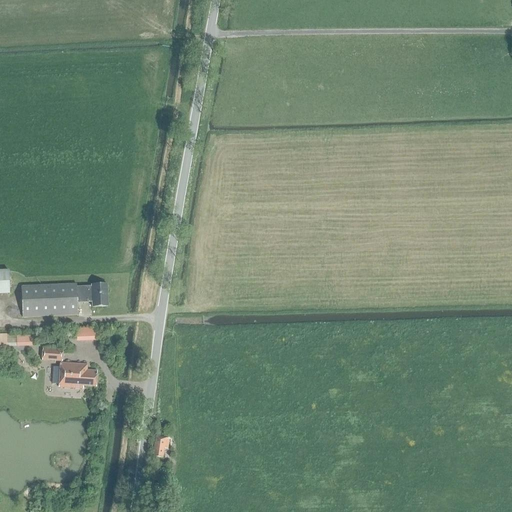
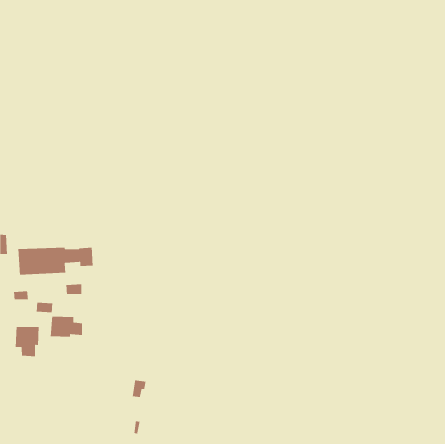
building: none -> [15,326,39,357]

